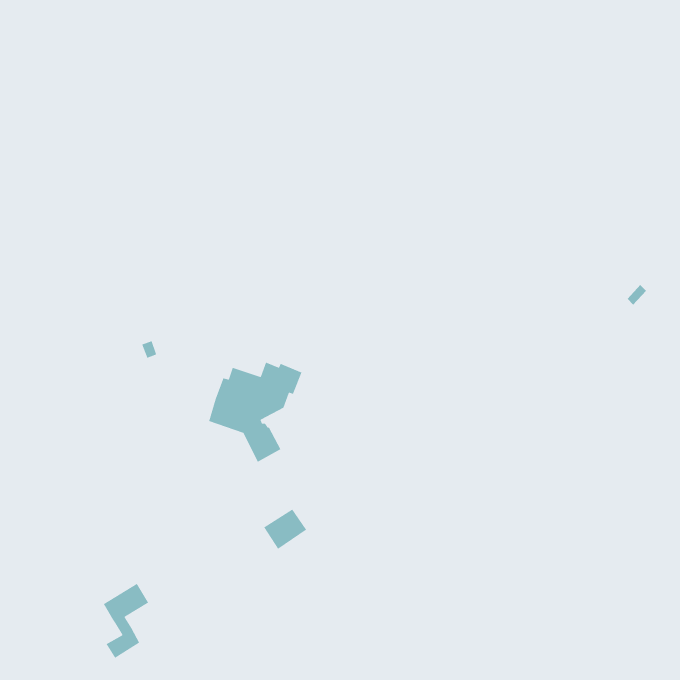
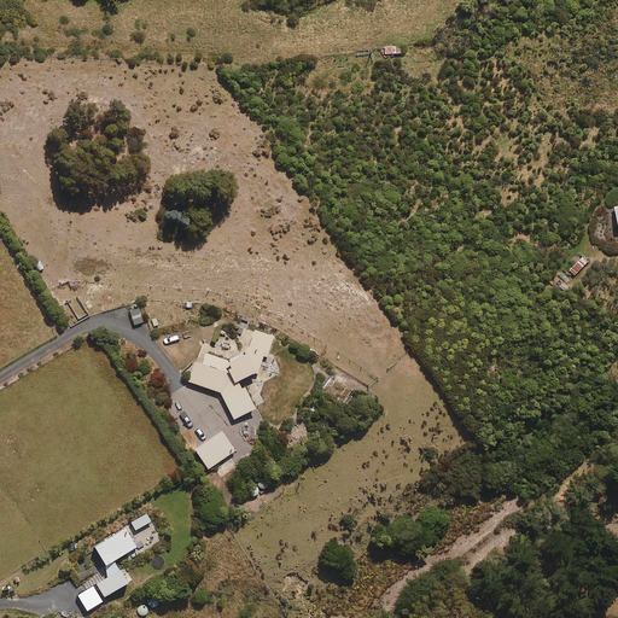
building: [263,508,307,550] -> [194,432,234,470]

